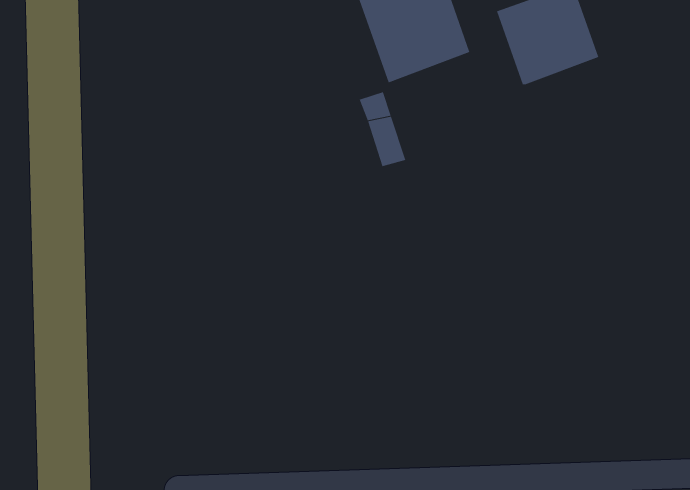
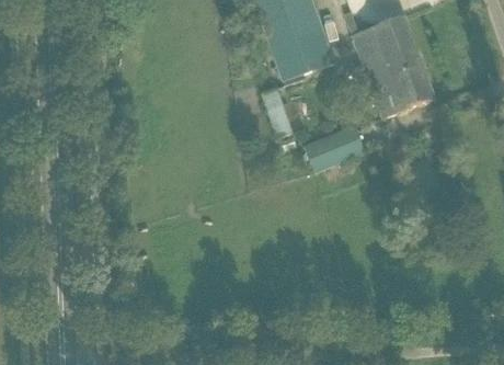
building: none -> [370,65,435,117]
building: none -> [305,125,365,172]

